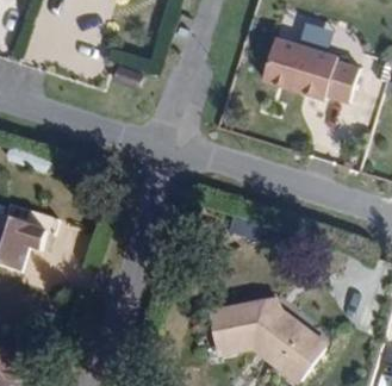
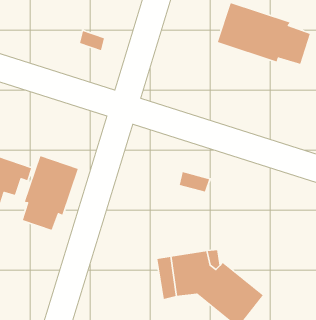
building: none -> [22,155,79,231]

